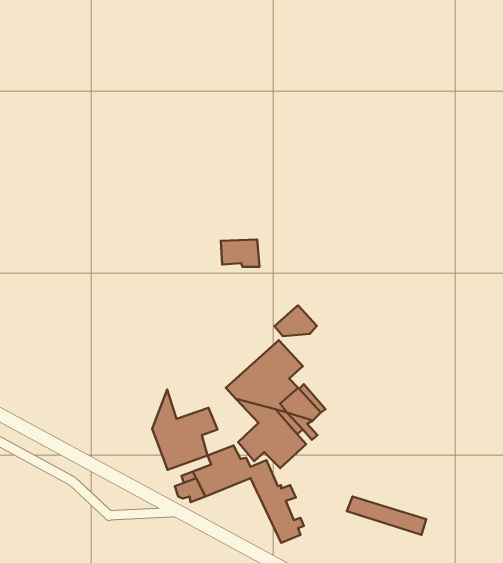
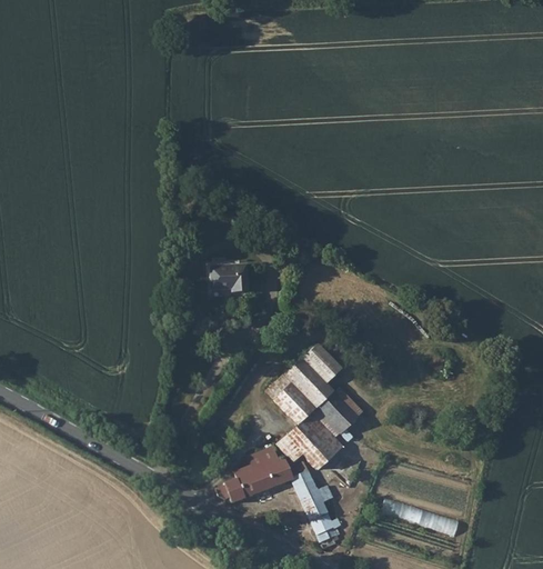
building: [221,240,259,267] -> [210,263,248,290]
building: [275,305,317,336] -> none
building: [152,389,217,470] -> none

